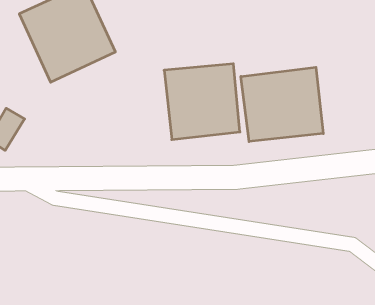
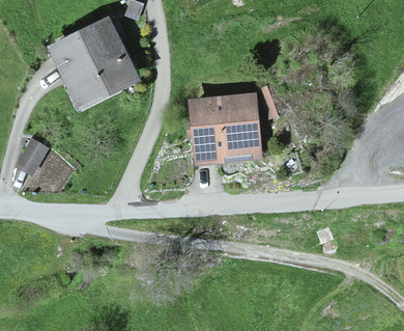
building: [241,67,323,142] -> none

